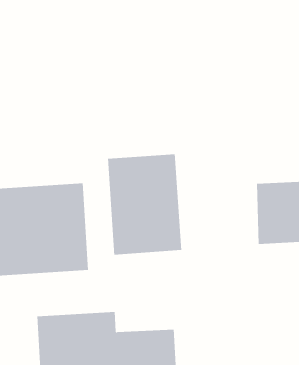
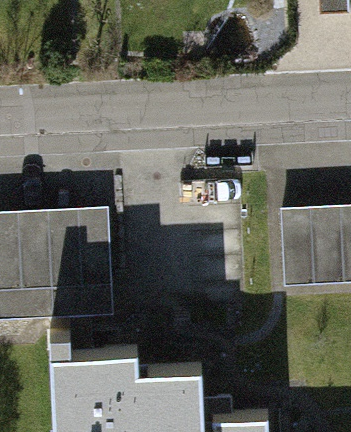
building: [108,153,182,255] -> none

